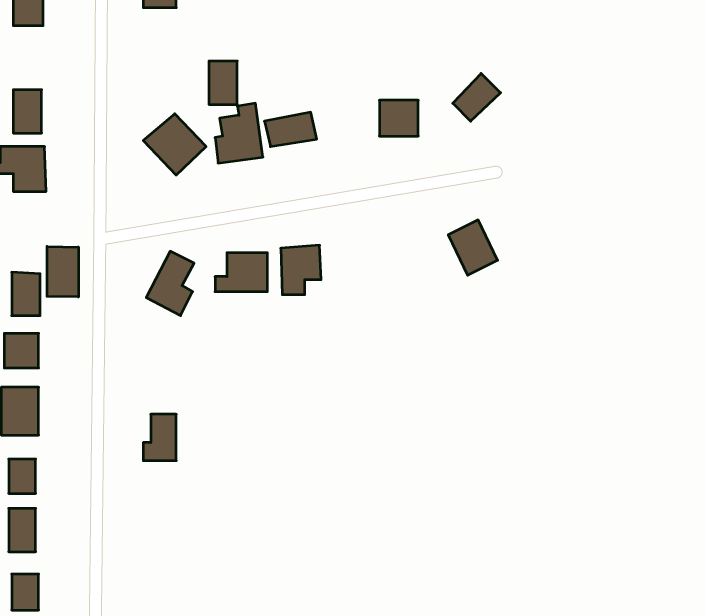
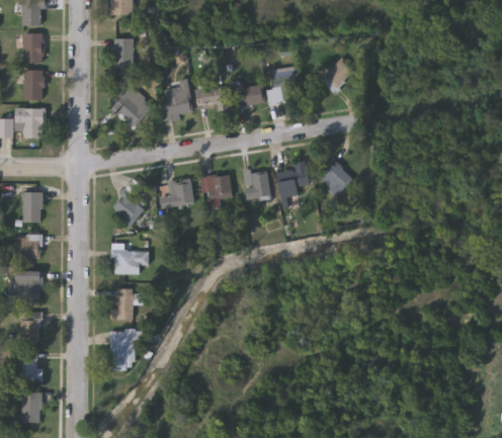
building: none -> [23,33,43,63]
building: [209,61,237,104] -> [114,38,134,68]
building: none -> [234,86,263,106]
building: none -> [276,161,310,198]
building: none -> [248,171,271,197]
building: [47,246,78,297] -> none
building: none -> [112,244,149,274]
building: none -> [111,331,136,370]

